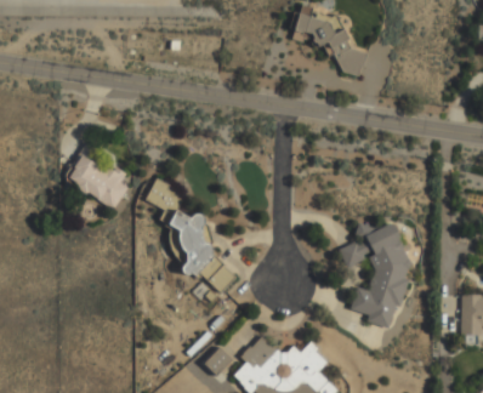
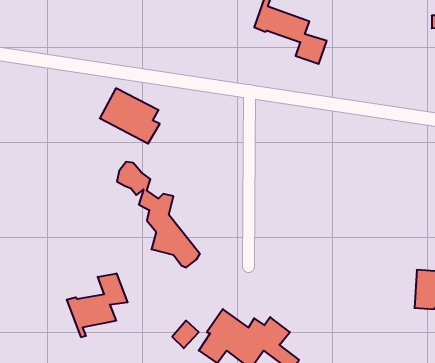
building: [64,149,127,207] -> [100,88,160,144]
building: [339,222,411,329] -> none
building: none -> [67,273,128,337]

